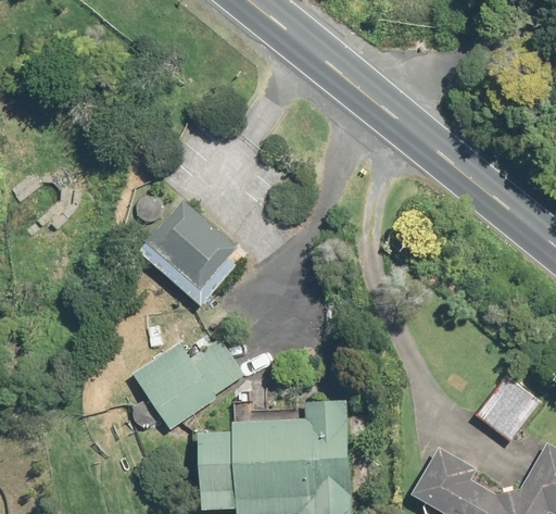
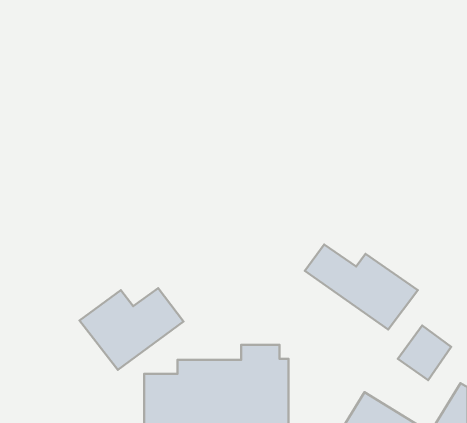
building: [138,201,243,304] -> none
building: none -> [305,245,418,329]

